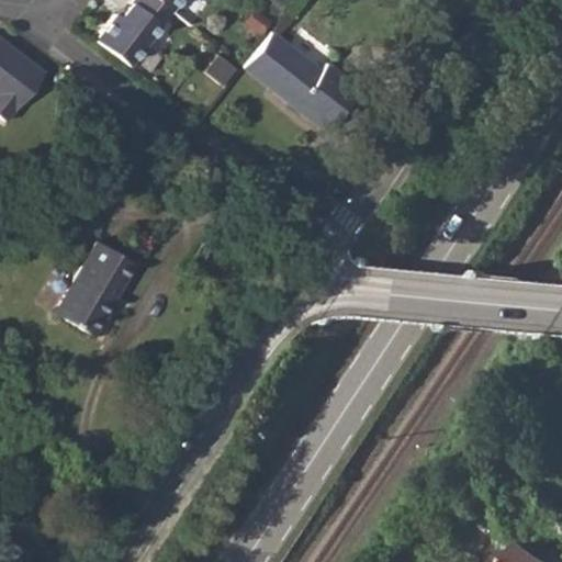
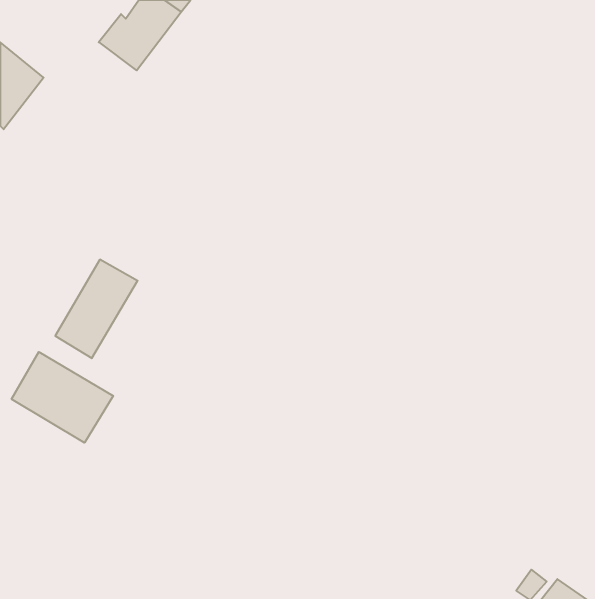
building: [247,34,351,125] -> none
building: none -> [12,352,113,443]

